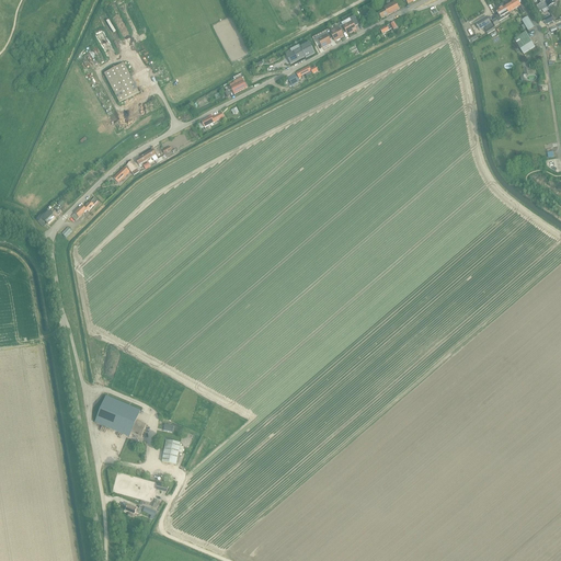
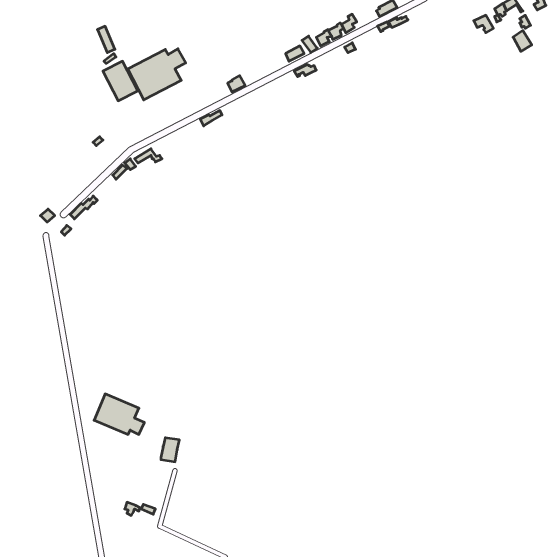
building: none -> [128,49,186,100]

